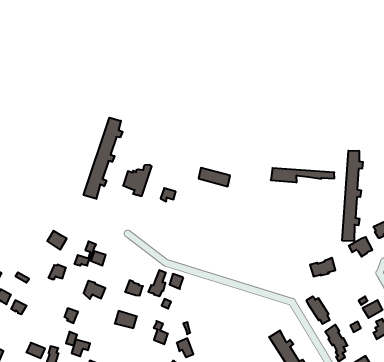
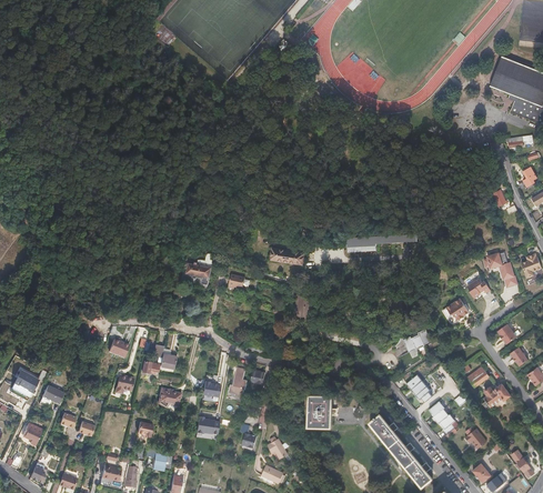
building: [84,118,123,199] -> none
building: [342,151,363,241] -> none
building: none -> [309,394,336,426]

